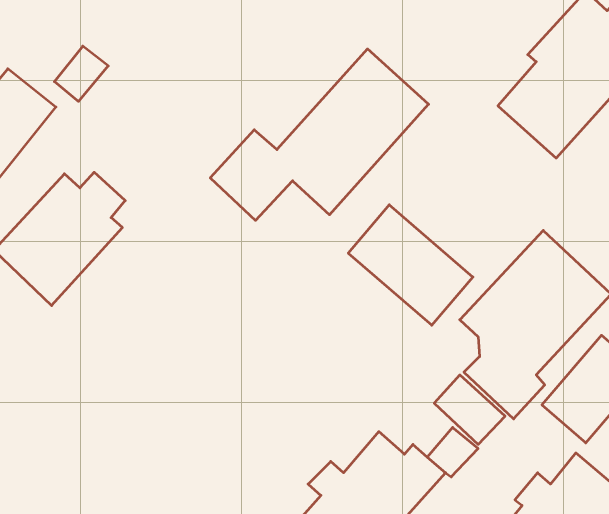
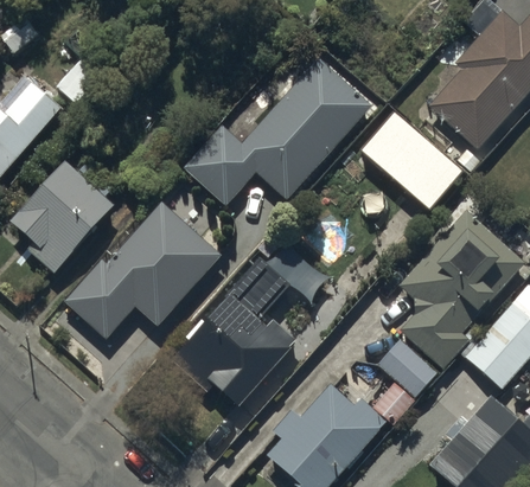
building: [348,205,473,325] -> [359,111,464,212]
building: none -> [66,204,221,339]
building: none -> [170,248,293,398]

